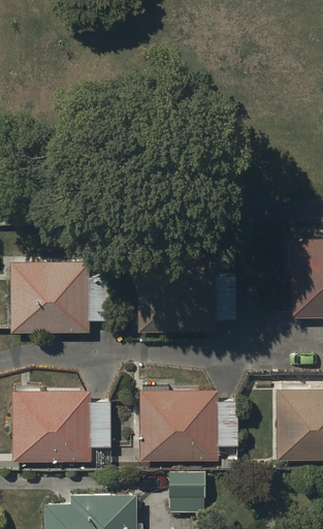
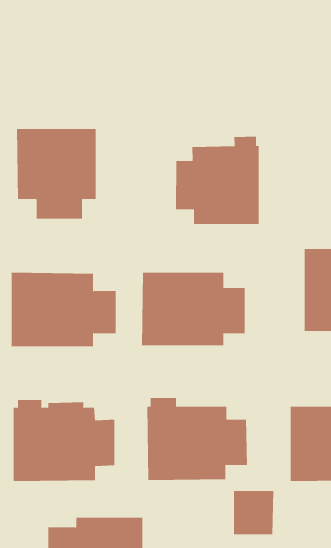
building: none -> [16,128,96,220]
building: none -> [176,136,259,225]
building: [168,472,207,515] -> [233,490,274,535]

